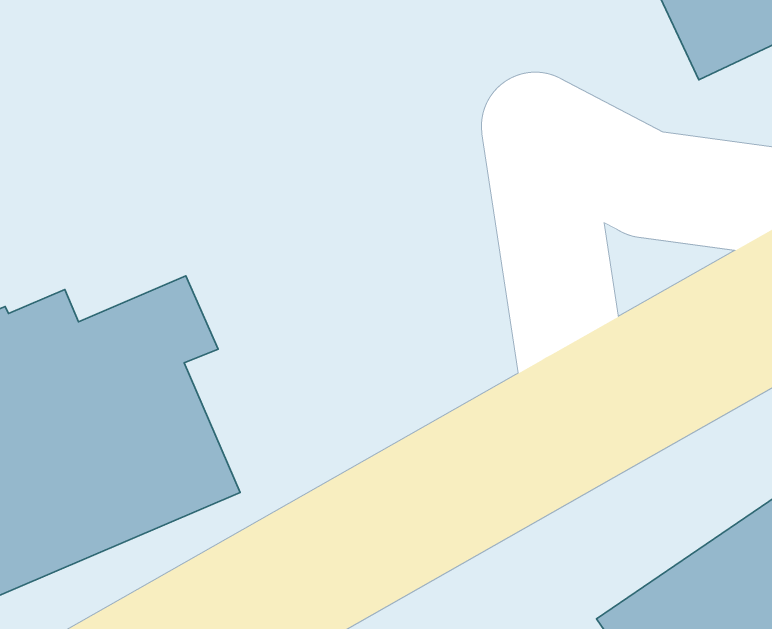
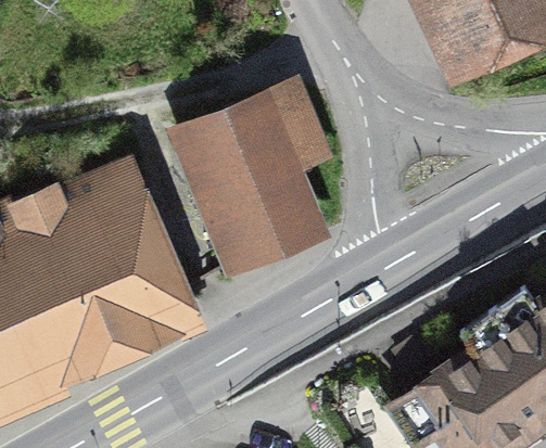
building: none -> [199,89,317,249]

